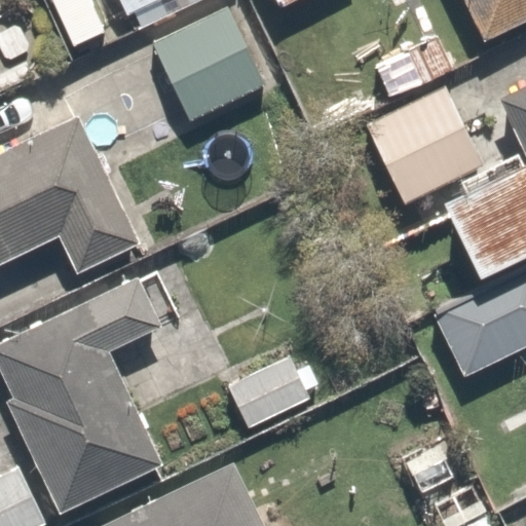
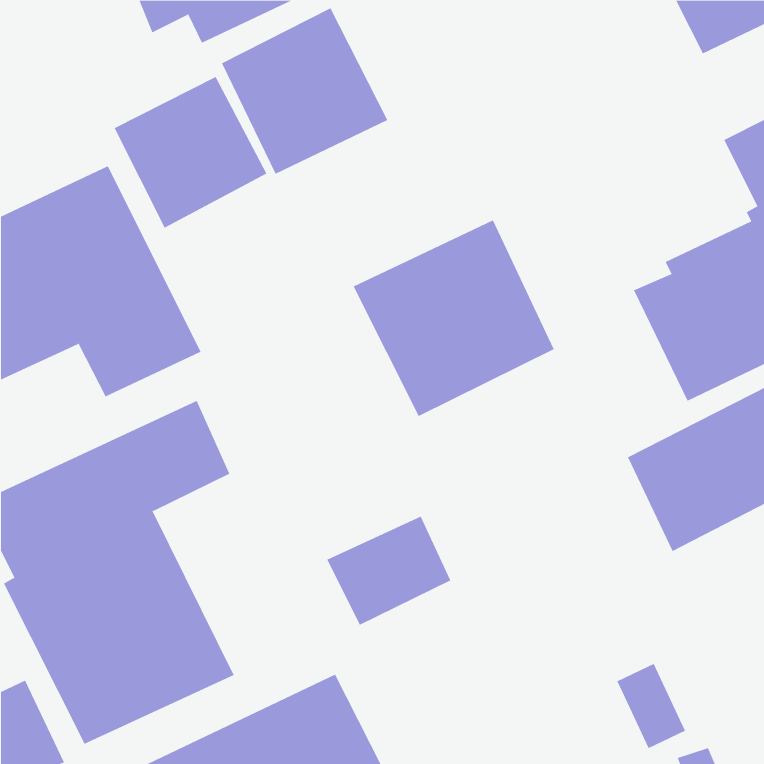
building: none -> [114,76,267,228]
building: [366,87,484,203] -> none
building: none -> [353,219,555,417]

